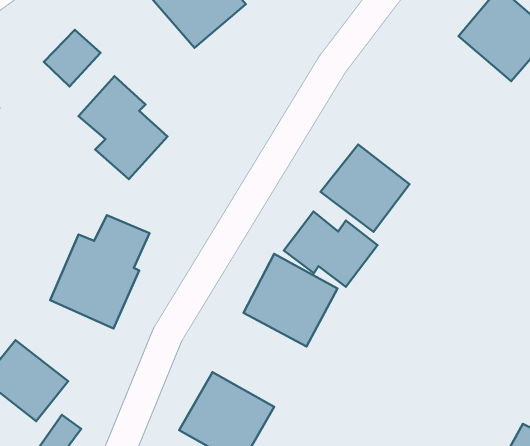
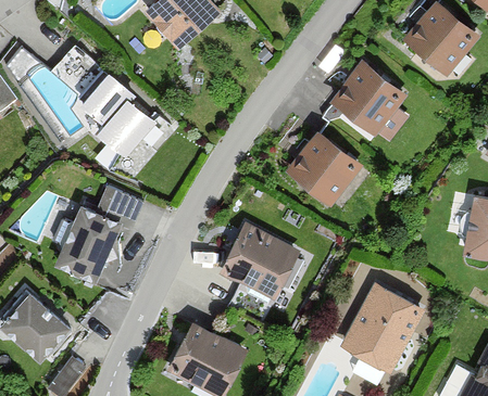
building: none -> [329,60,405,135]
building: [284,211,377,287] -> none
building: none -> [340,282,424,372]

